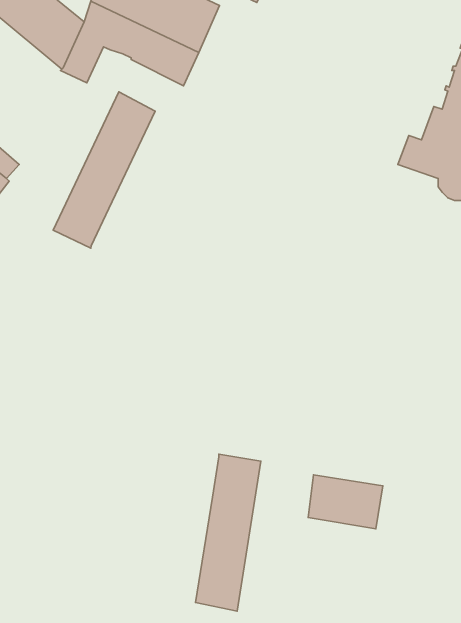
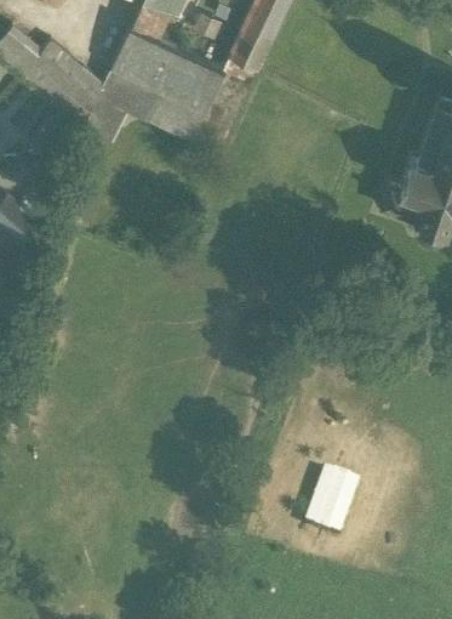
building: [53,92,155,248] -> none
building: [196,454,261,611] -> none

